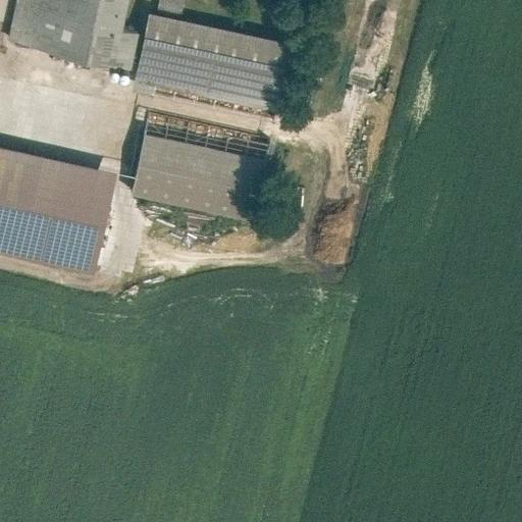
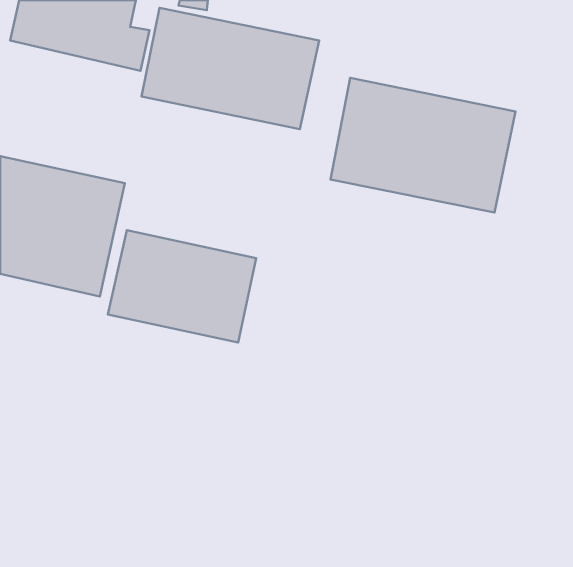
building: none -> [331,78,515,213]
building: [129,119,264,221] -> [108,230,256,342]

